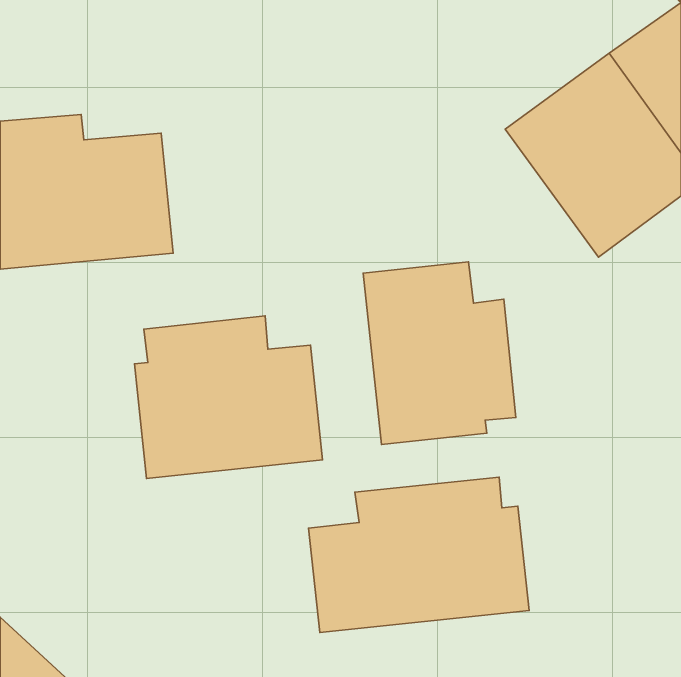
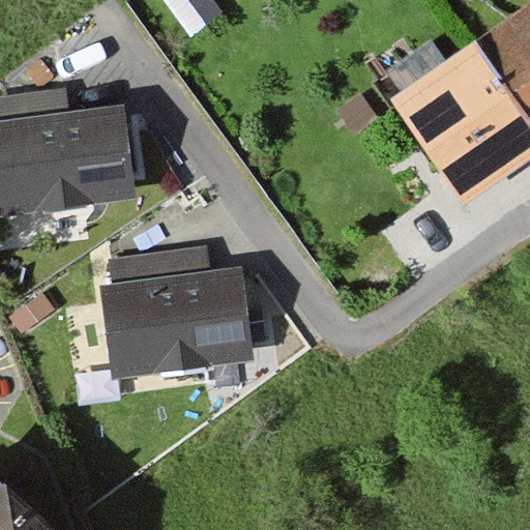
building: [363,262,516,444] -> none
building: [309,477,529,633] -> none

